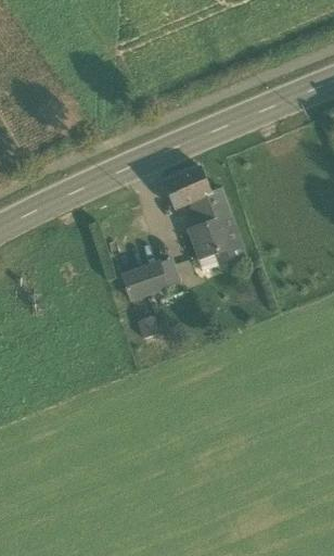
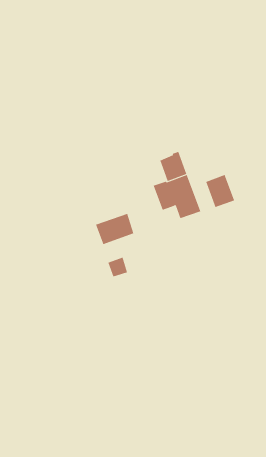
building: [164,168,213,212] -> none
building: none -> [206,174,235,208]

